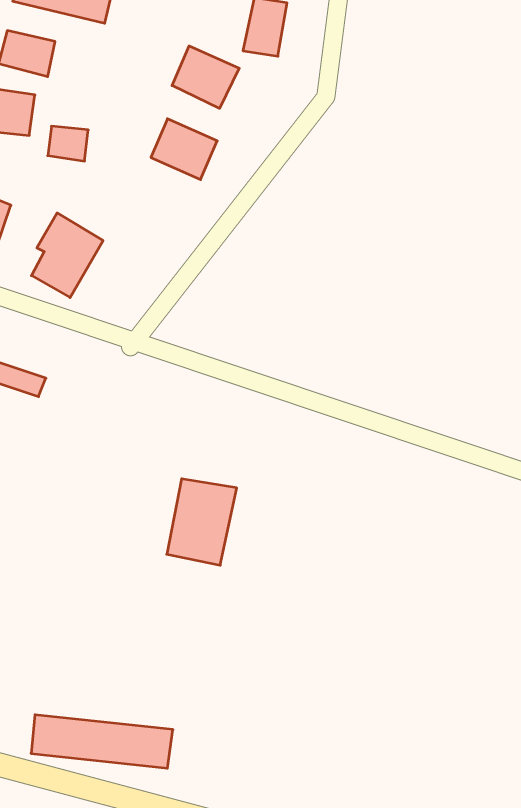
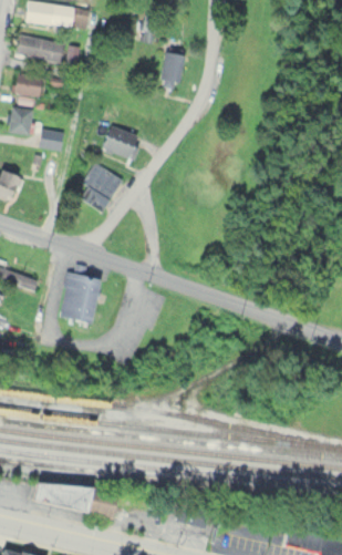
building: [172,46,239,108] -> none
building: [31,213,103,298] -> [80,162,123,213]
building: [167,479,237,565] -> [58,273,100,325]

